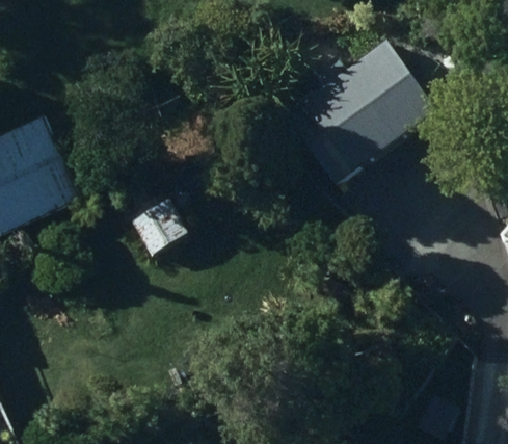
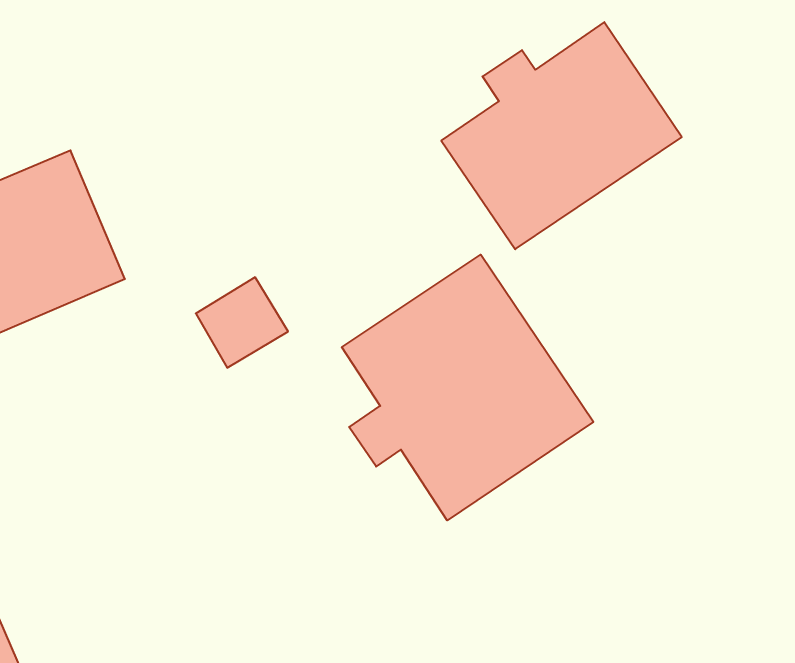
building: none -> [342,255,593,520]

